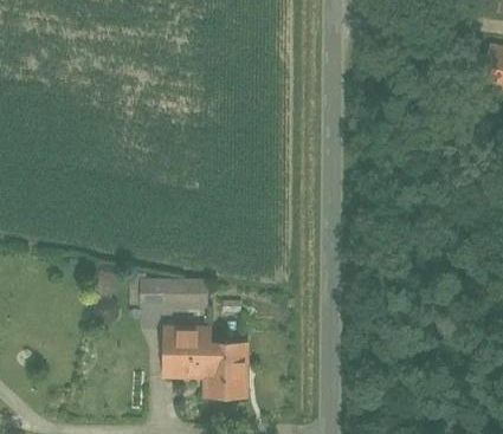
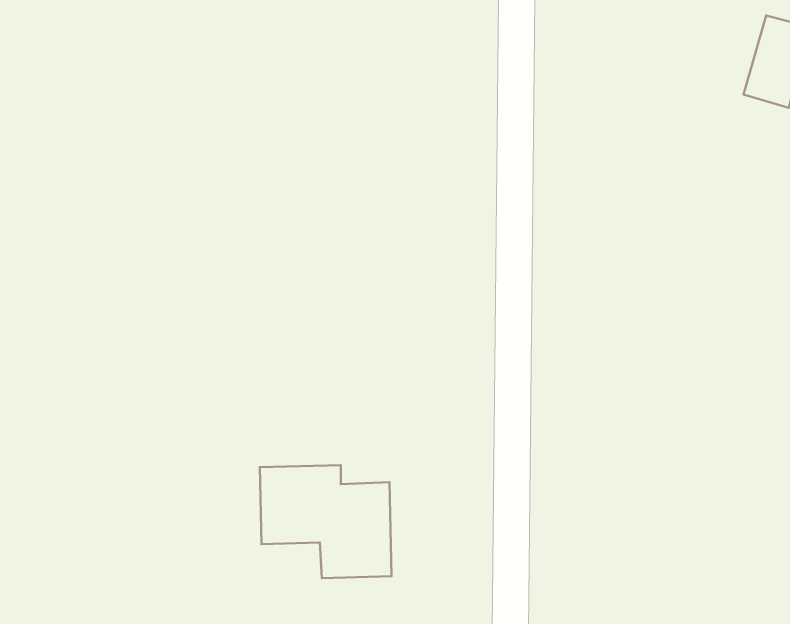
building: [142,277,207,307] -> none

